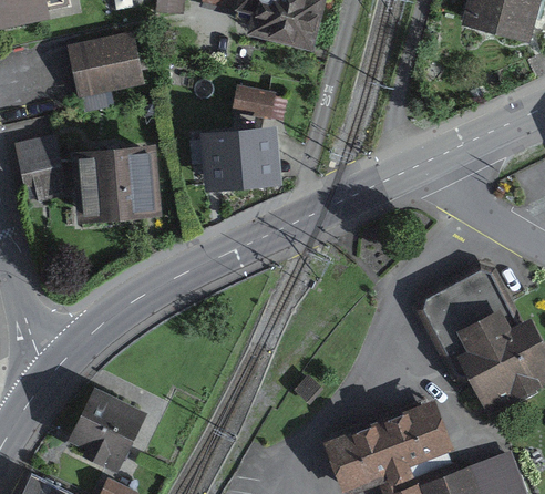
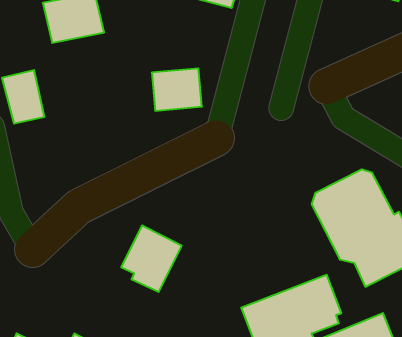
building: [230,84,276,119] -> none
building: [70,146,161,225] -> none
building: [68,388,146,474] -> [121,226,182,292]

